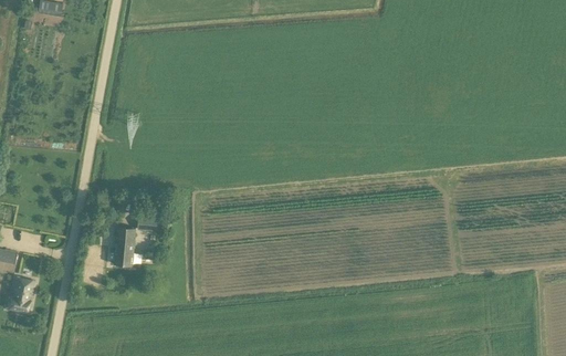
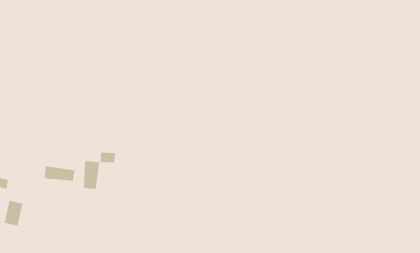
building: none -> [44,165,75,182]

